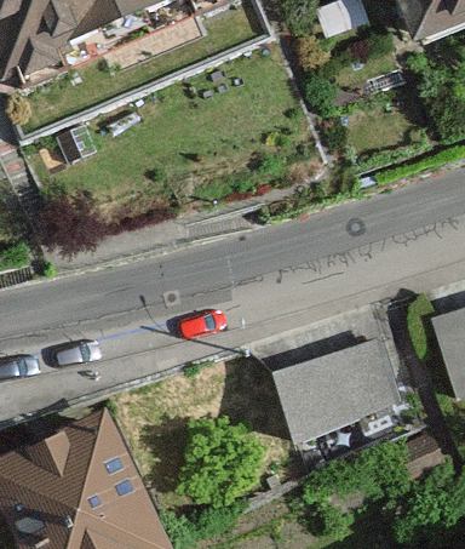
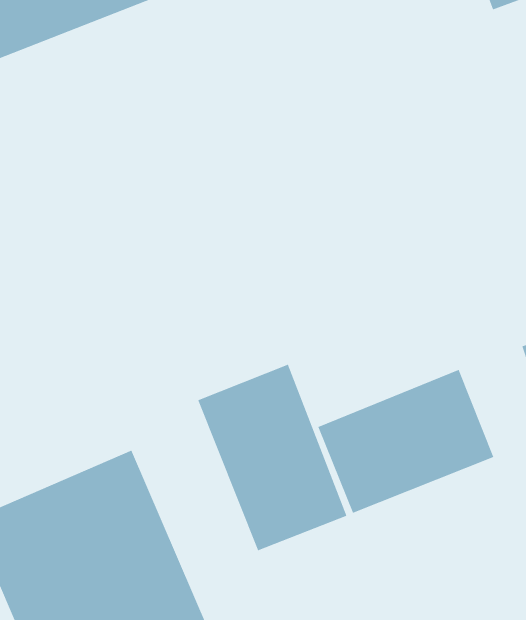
building: none -> [198,364,347,551]

